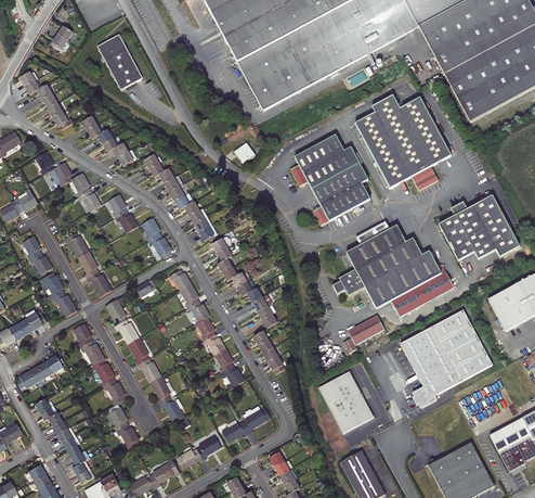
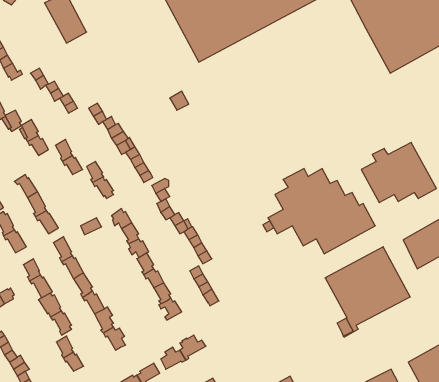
building: [354,97,451,192] -> none
building: [289,137,369,227] -> none
building: [343,315,384,353] -> none
building: [318,370,373,432] -> none

